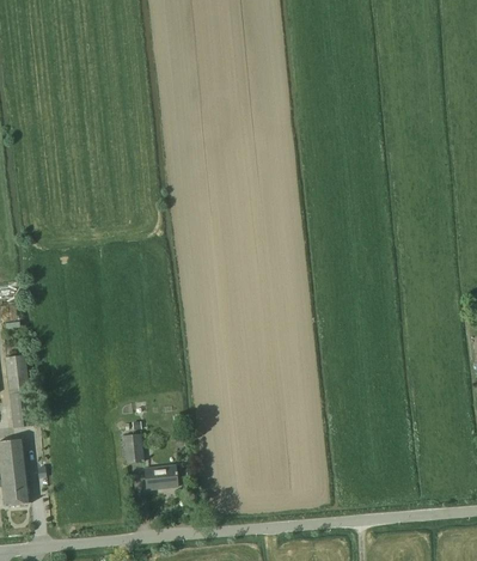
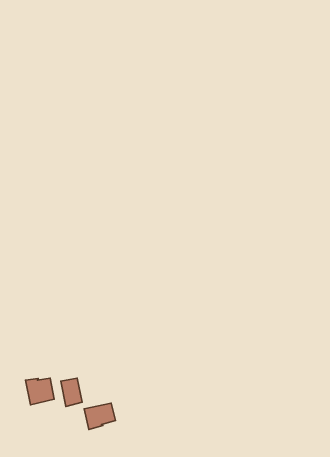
building: none -> [25,378,54,405]

